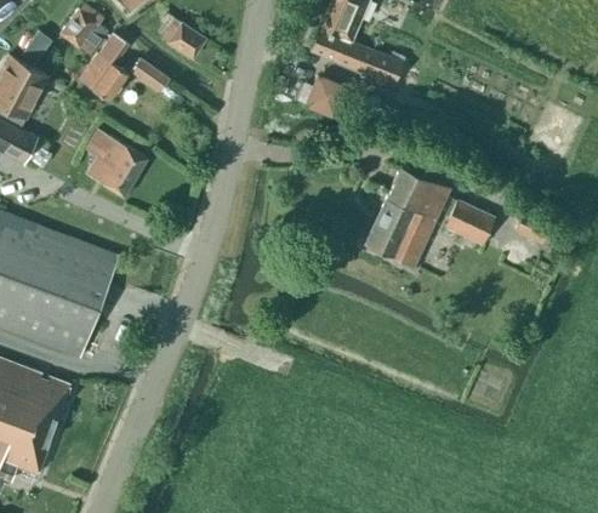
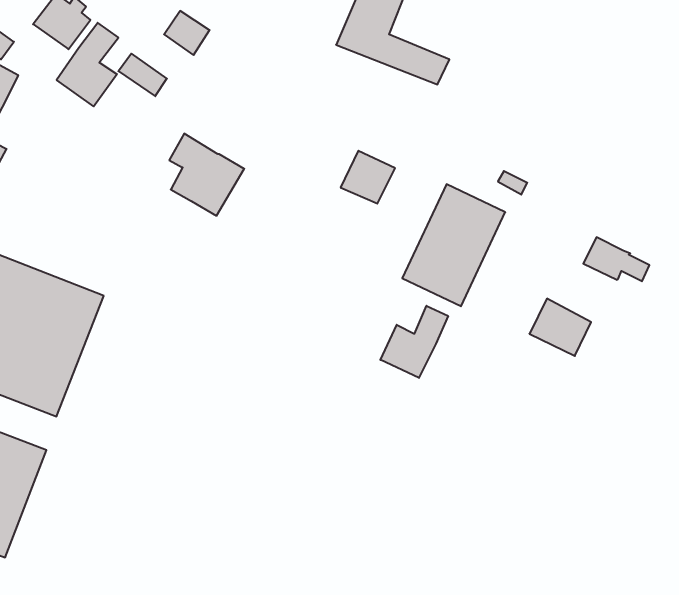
building: [303,74,348,118] -> [341,151,395,204]
building: [85,129,147,196] -> [169,134,244,216]
building: [444,199,495,246] -> [529,299,591,356]
building: none -> [380,306,448,378]

